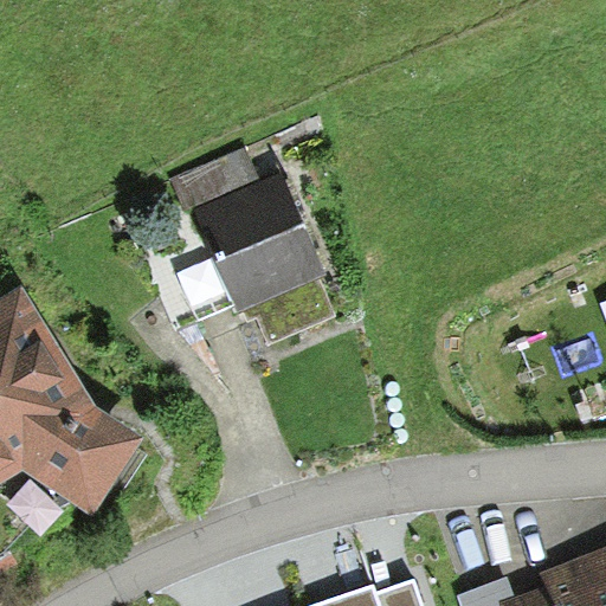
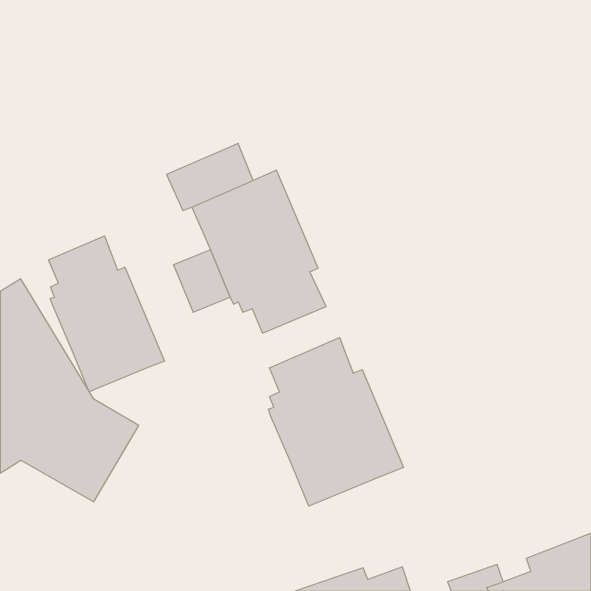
building: none -> [49,236,165,392]
building: none -> [268,338,403,506]

